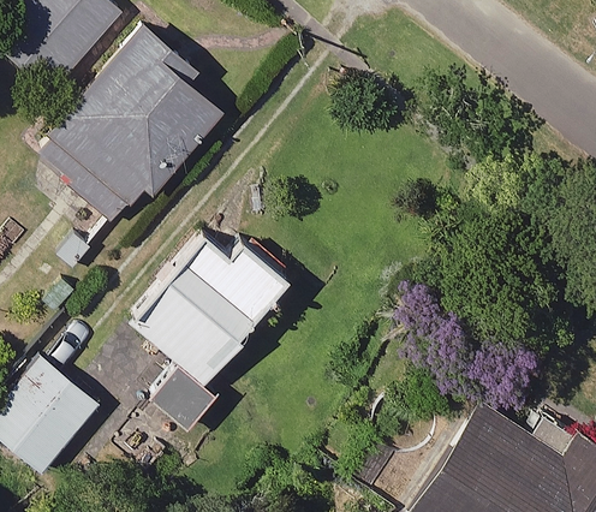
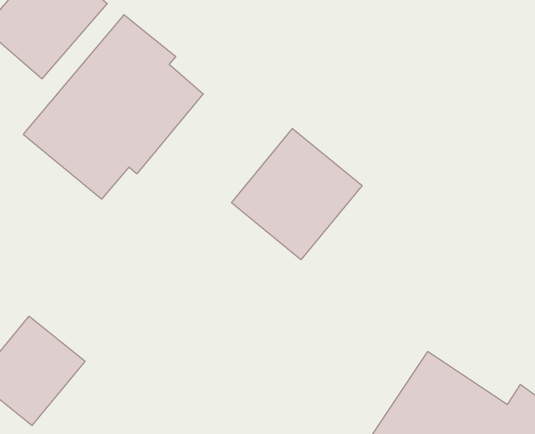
building: none -> [232,128,362,260]
building: [119,228,293,389] -> none

